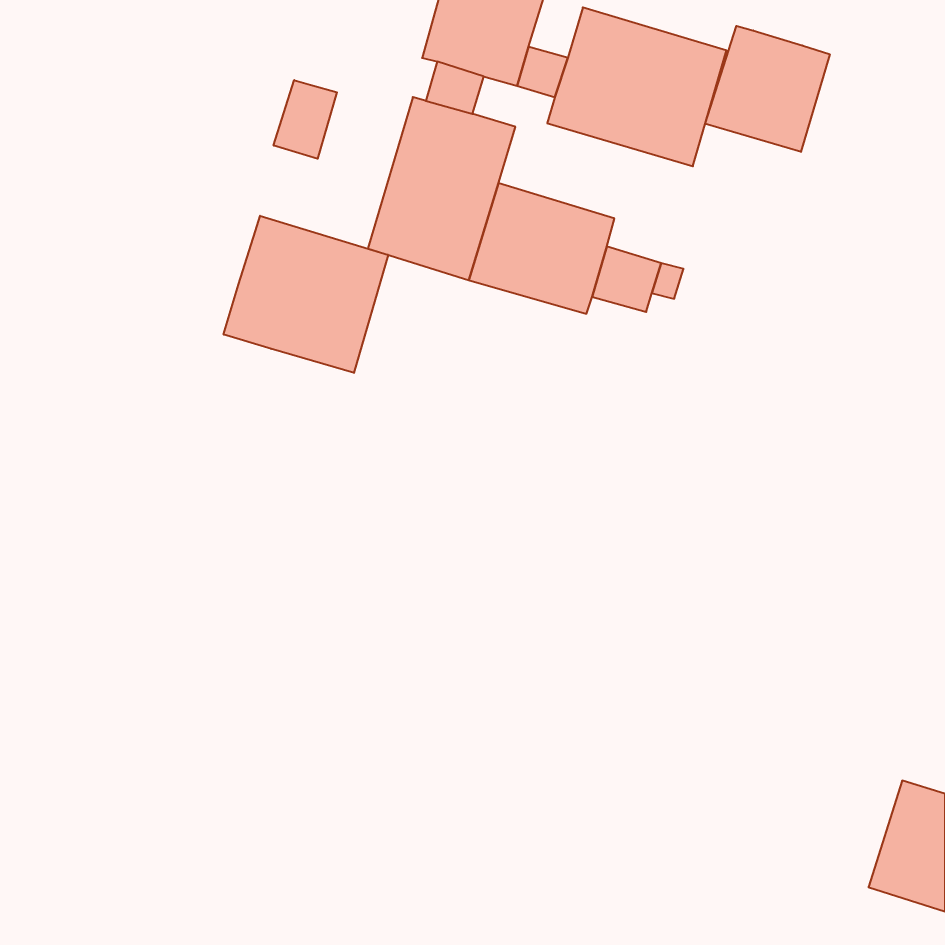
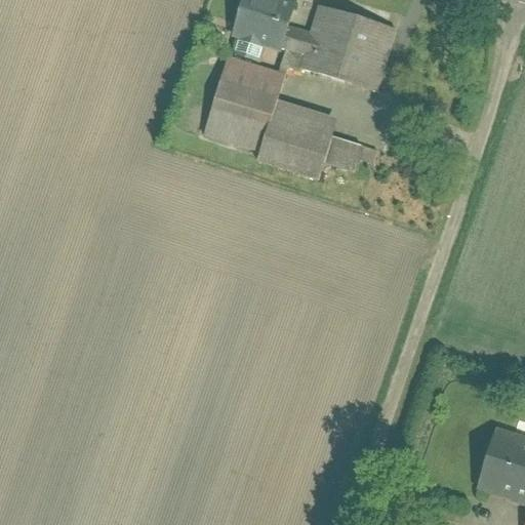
building: [705,26,830,152] -> none
building: [274,80,337,159] -> none
building: [224,216,388,373] -> none

